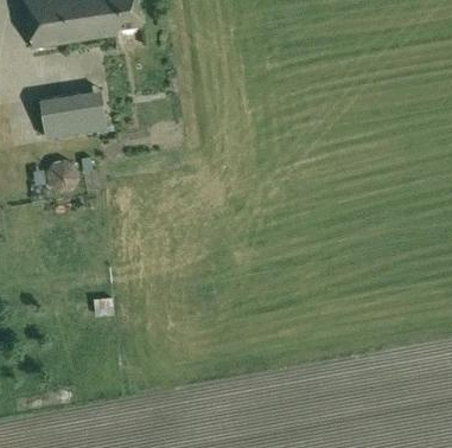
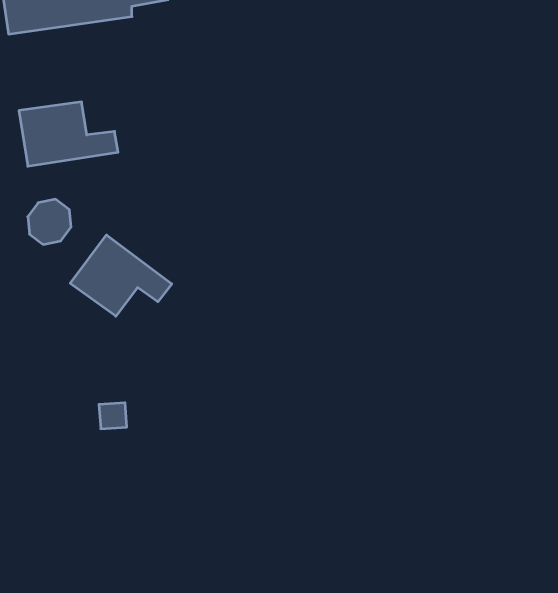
building: none -> [70,235,172,316]

